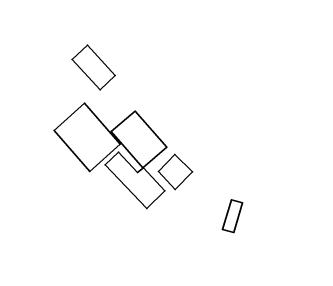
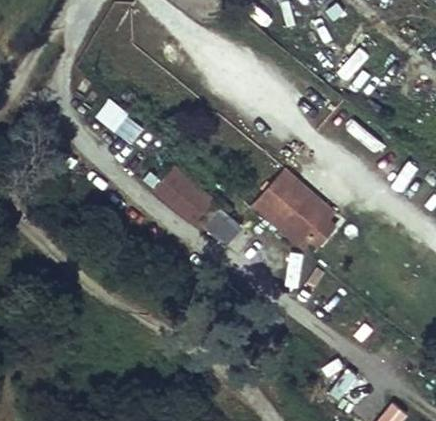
building: [54,103,120,171] -> none
building: [105,152,165,209] -> [256,183,326,242]

